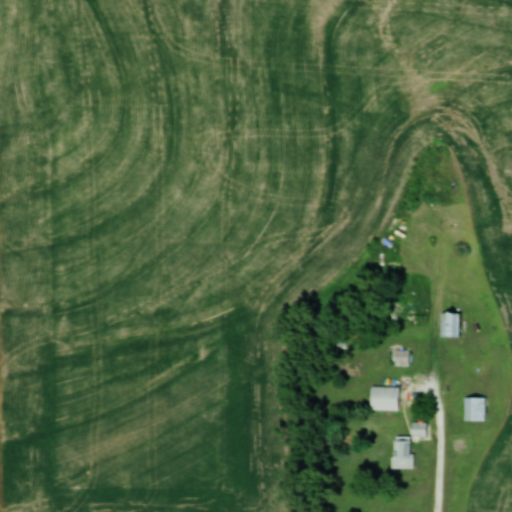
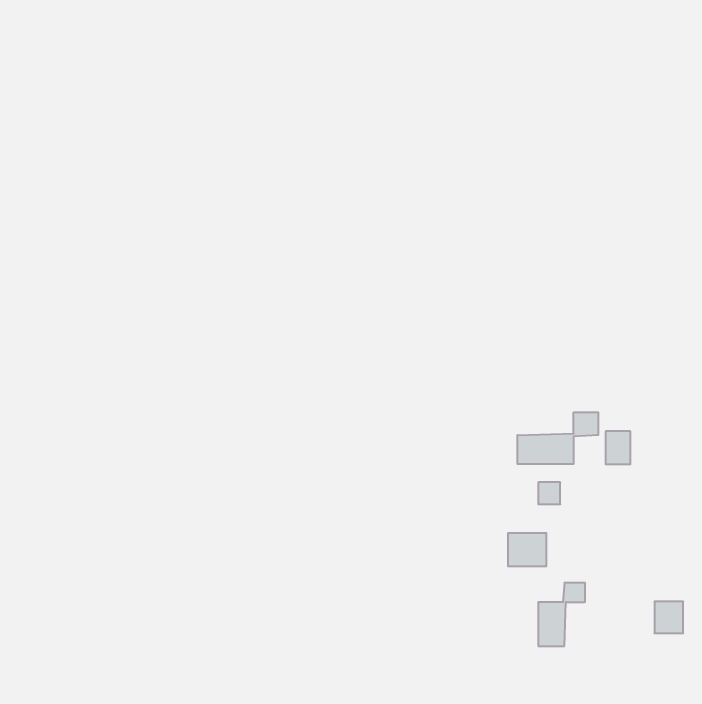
building: none -> [517,412,598,464]
building: [464,398,485,421] -> [654,602,683,633]

